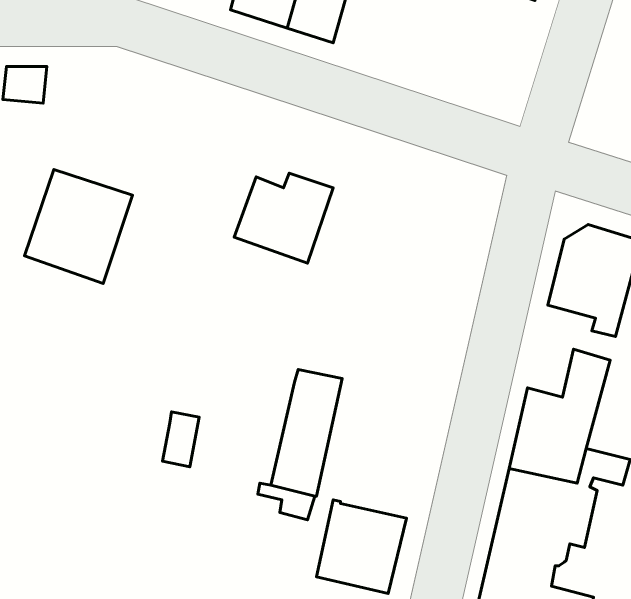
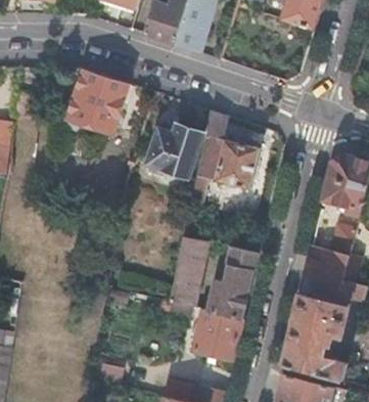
building: none -> [190,109,259,199]
building: [24,170,133,283] -> [68,69,129,132]
building: none -> [205,244,258,318]

